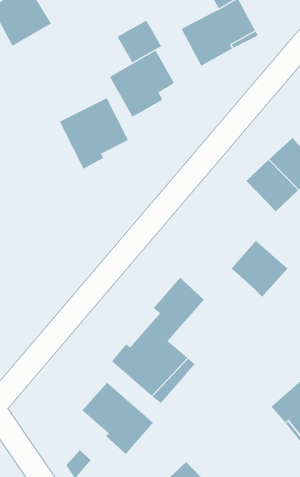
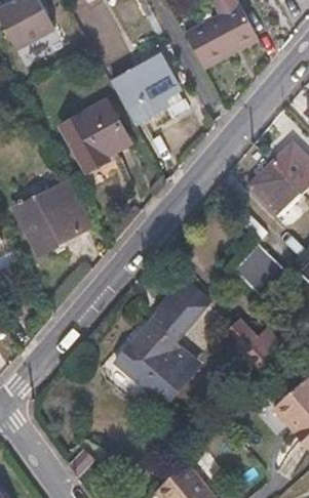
building: [117,20,162,63] -> none
building: none -> [11,181,93,256]
building: none -> [223,319,279,368]
building: [81,382,154,455] -> none

